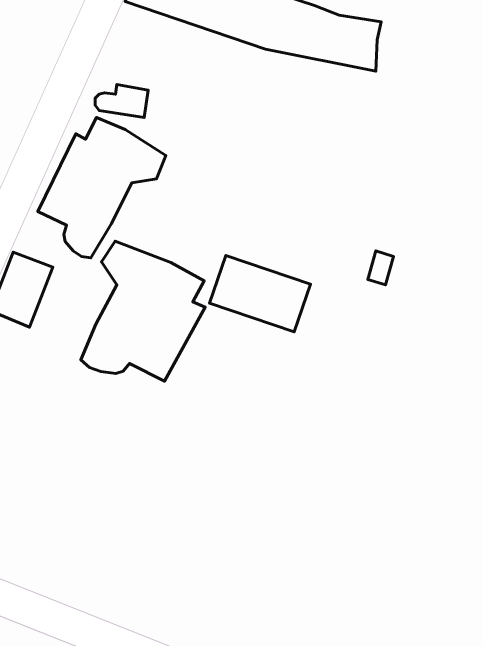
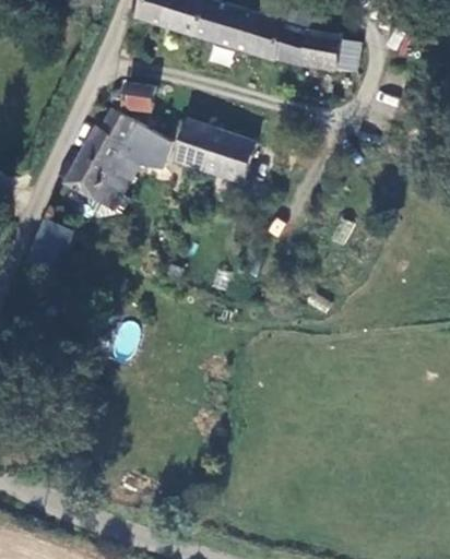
building: [81,241,205,381] -> none
building: [210,256,310,332] -> [173,119,253,180]

